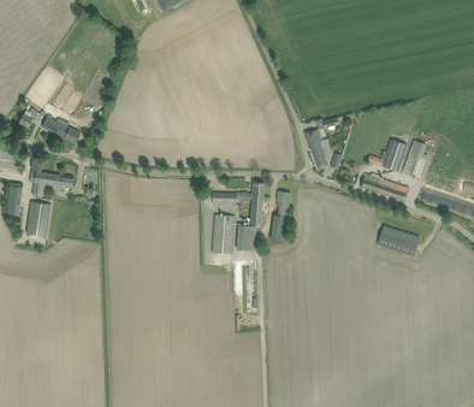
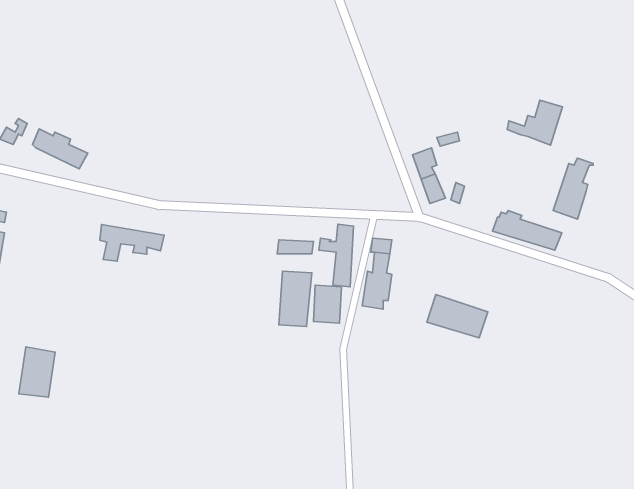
building: [367,140,405,171] -> [507,100,563,145]
building: [29,170,73,195] -> [100,225,164,261]
building: [25,201,51,236] -> [19,347,55,397]
building: [377,225,419,255] -> [427,295,488,338]

